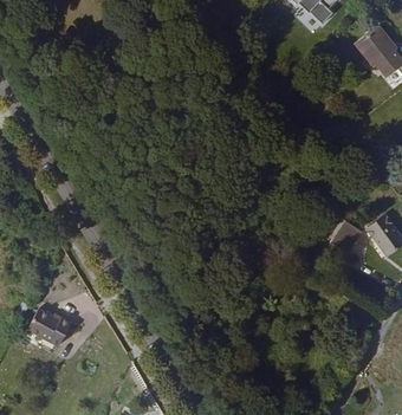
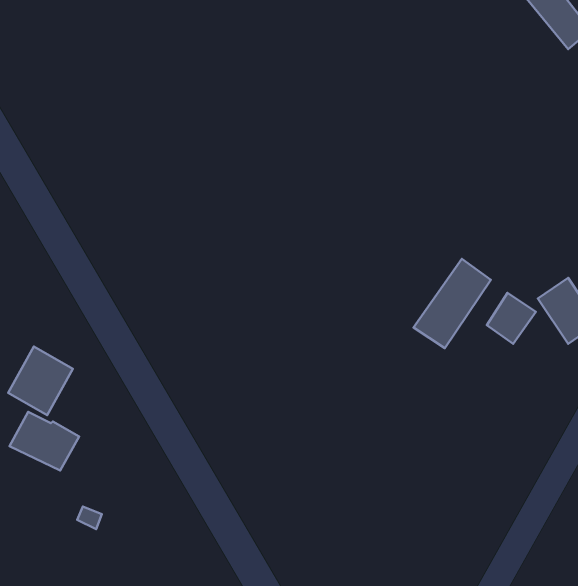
building: none -> [414,259,491,348]
building: none -> [8,347,73,415]

